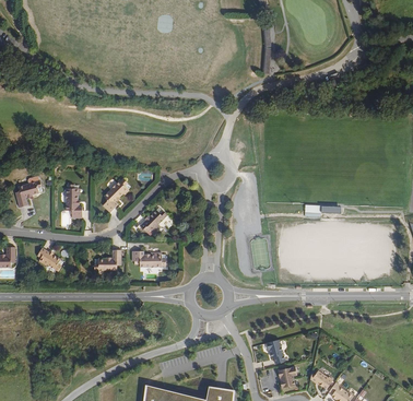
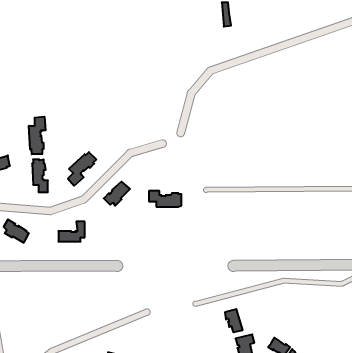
building: none -> [29,117,45,154]
building: [132,250,166,267] -> [149,191,181,207]

